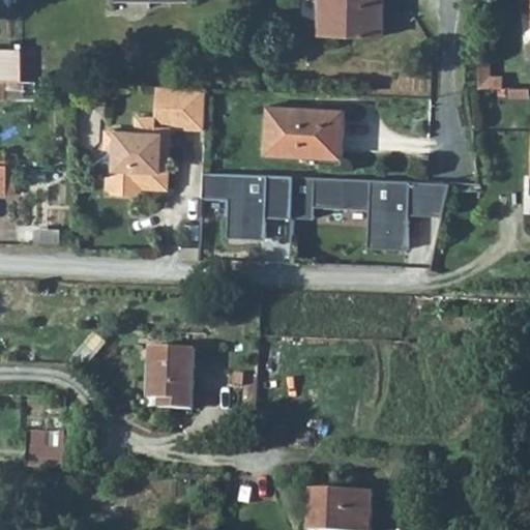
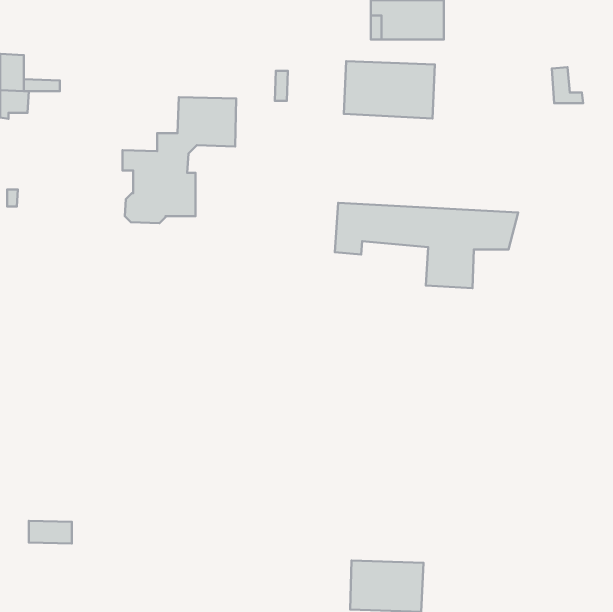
building: [265,107,344,156] -> [344,61,435,119]
building: [201,174,292,242] -> none
building: [146,346,190,406] -> none

